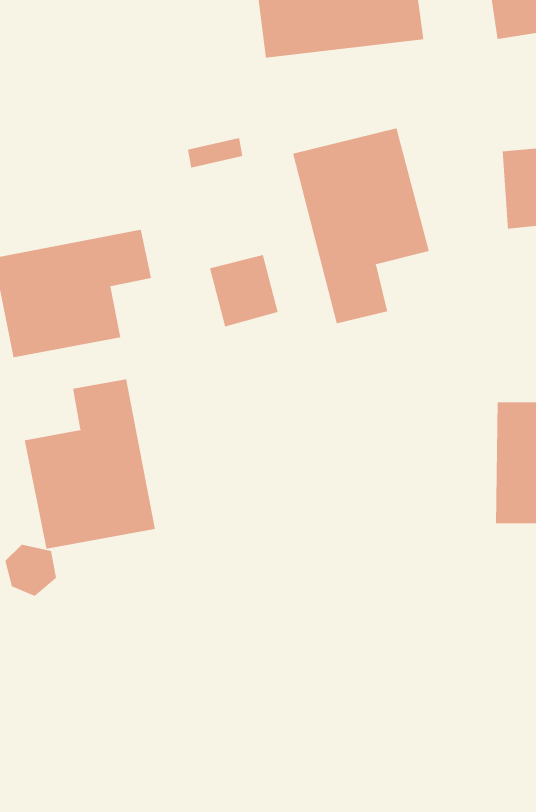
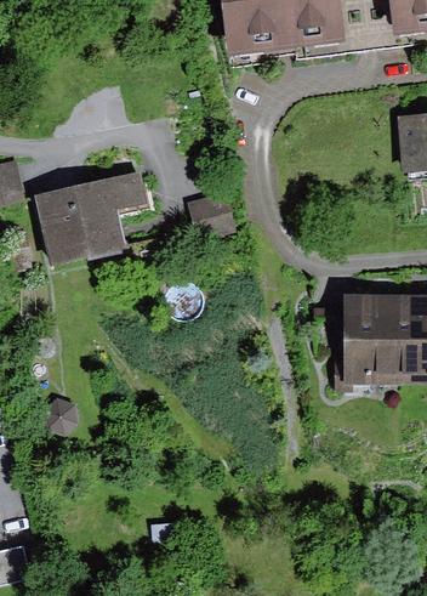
building: [293,128,429,324] -> none
building: [24,378,156,549] -> none
building: none -> [321,295,395,384]

